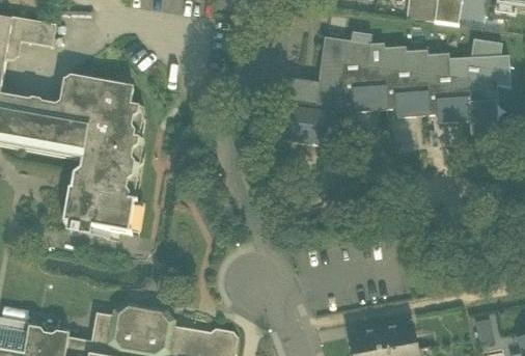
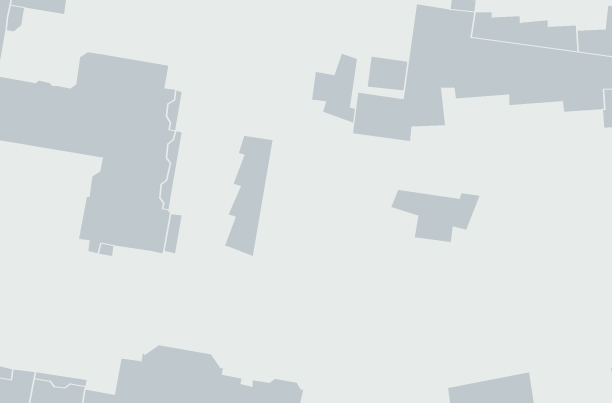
building: none -> [312,53,357,123]
building: none -> [224,135,273,257]
building: none -> [391,189,480,243]

